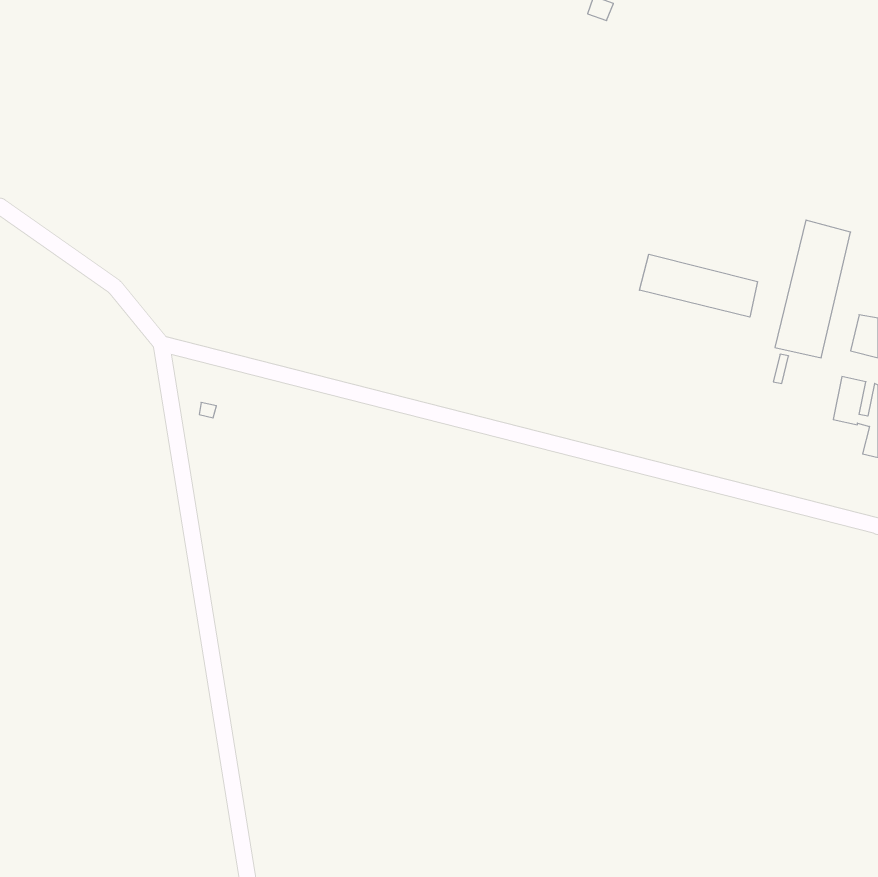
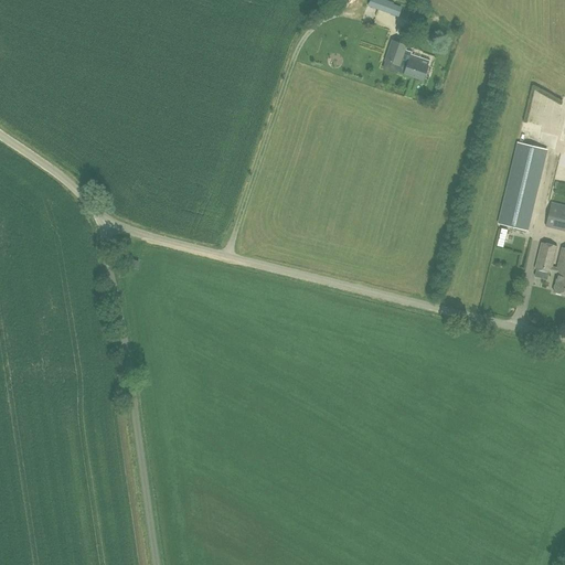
building: none -> [385,40,429,79]
building: [639,254,757,317] -> none

